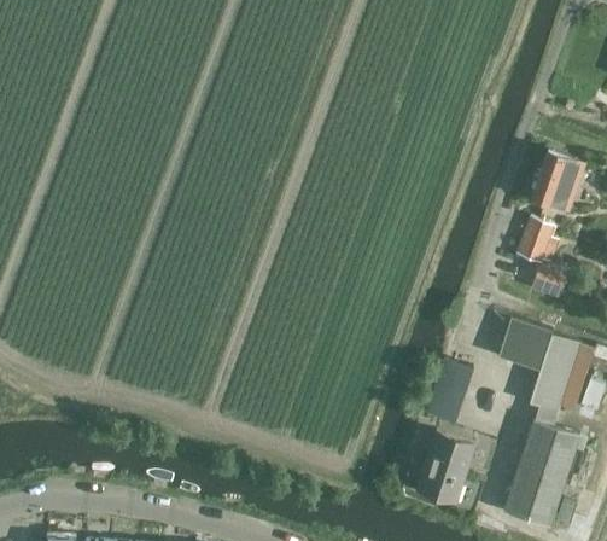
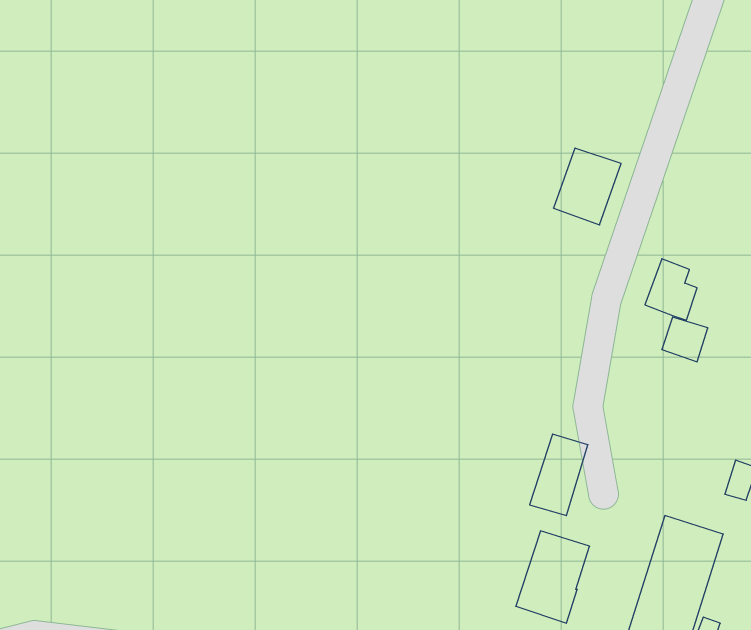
building: [531,151,584,211] -> [553,148,621,225]
building: [498,319,579,414] -> none

